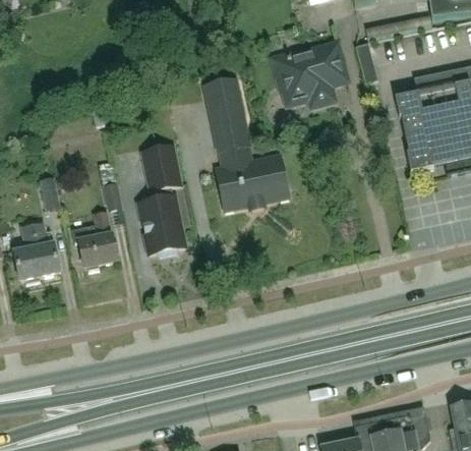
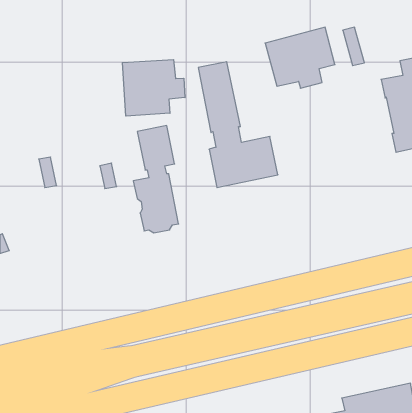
building: none -> [122,60,185,116]
building: [71,211,117,270] -> none
building: [14,222,60,282] -> none

